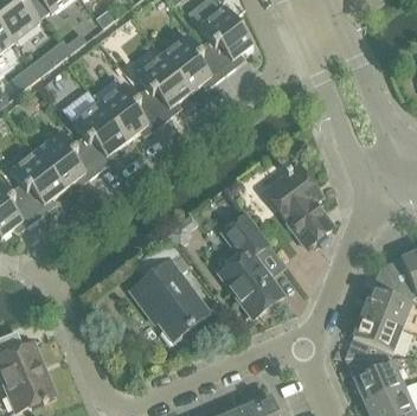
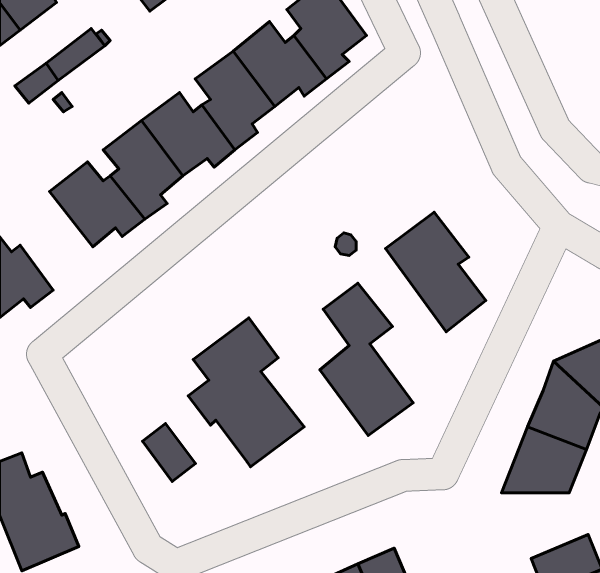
building: [8,152,64,219] -> none
building: none -> [142,423,195,481]
building: [344,358,403,403] -> none

